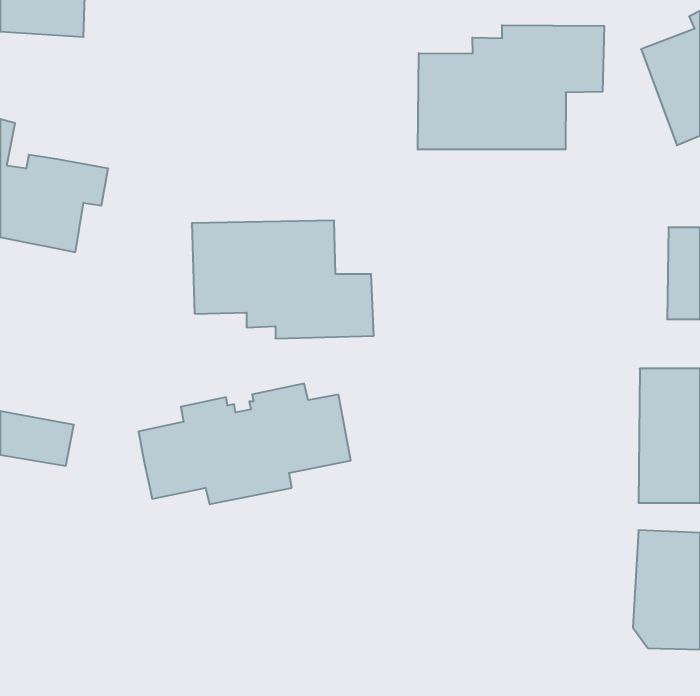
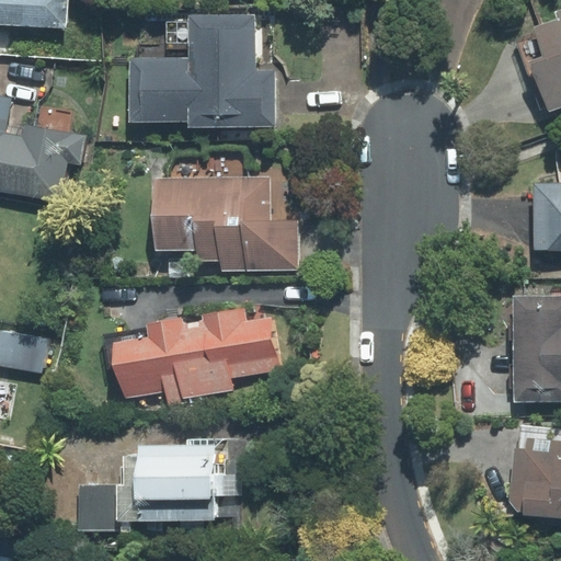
building: none -> [129,14,275,128]
building: [418,25,604,150] -> none
building: none -> [78,445,215,531]

